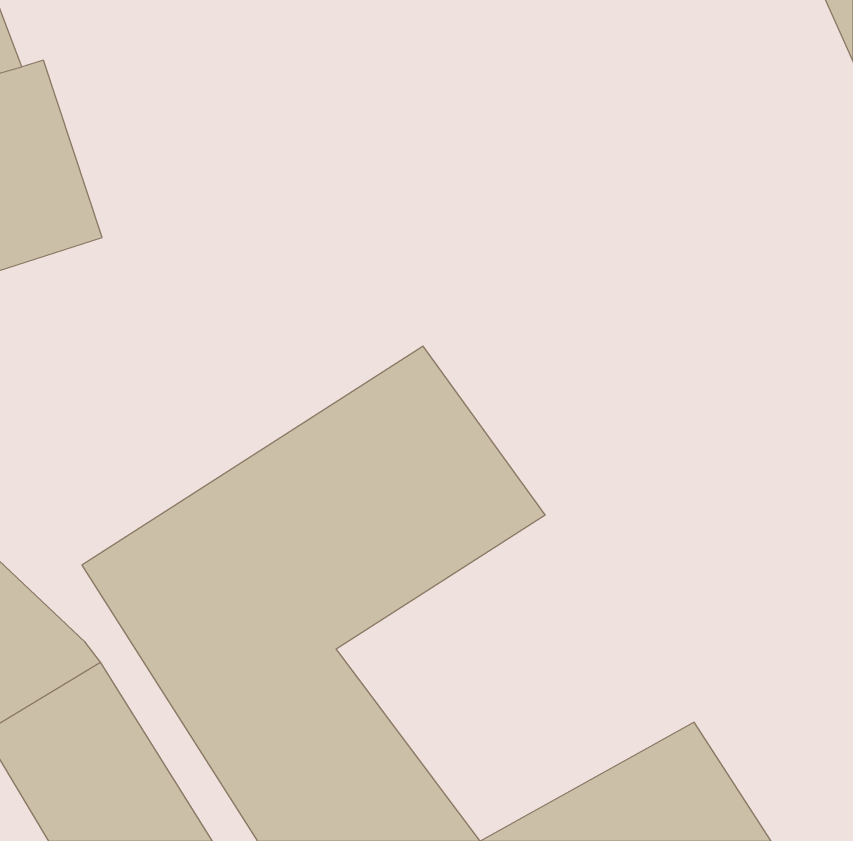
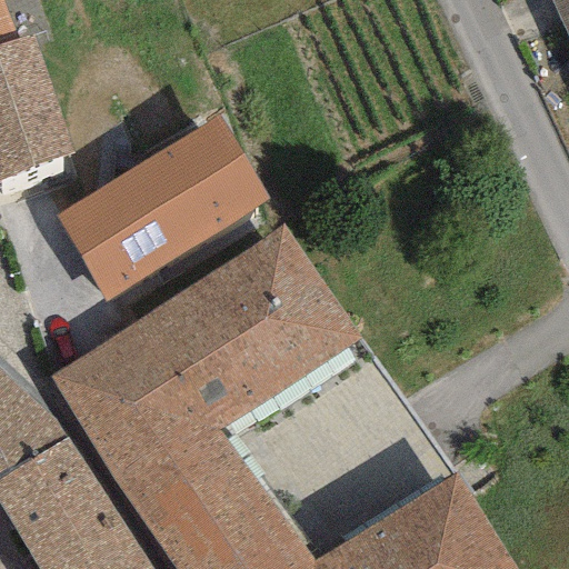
building: none -> [54,118,266,307]

